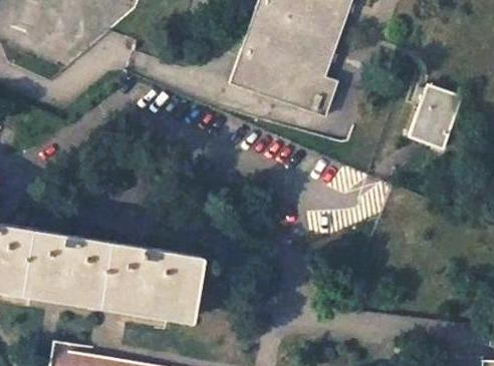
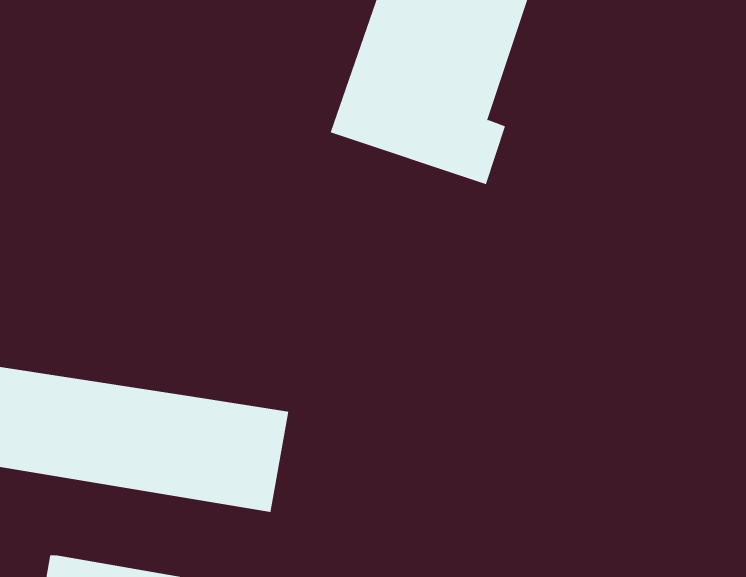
building: [411,90,462,154] -> none

